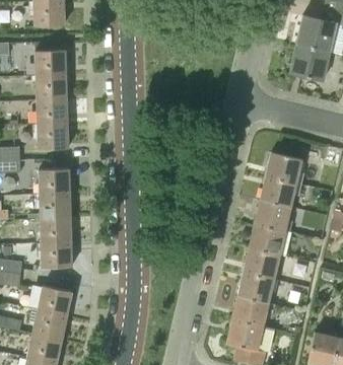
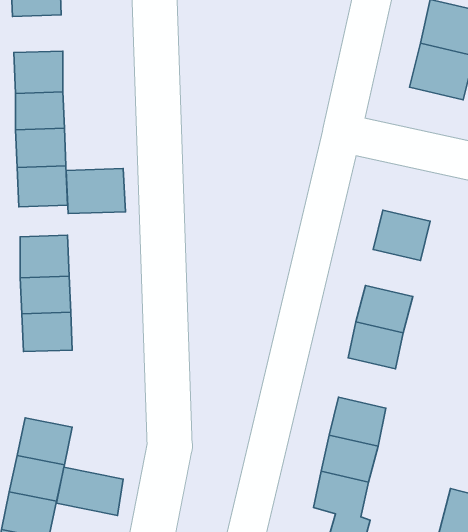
building: none -> [66,169,125,214]
building: [261,176,296,207] -> none
building: [41,241,72,268] -> none
building: [244,246,280,279] -> none
building: none -> [56,467,123,516]

